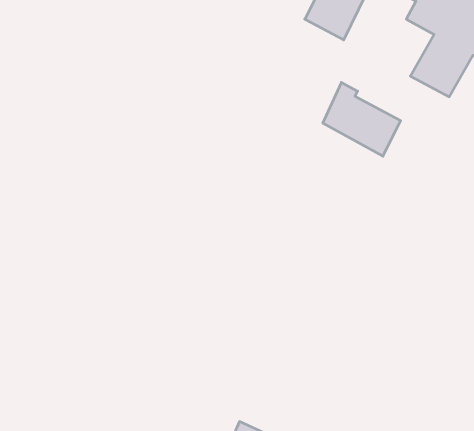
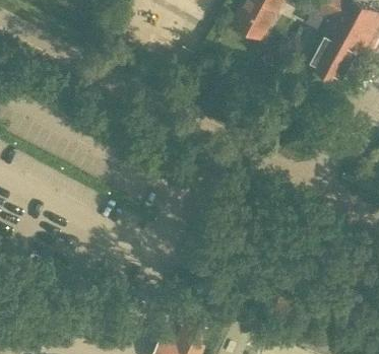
building: [323,82,401,156] -> none

